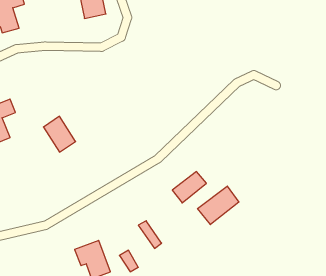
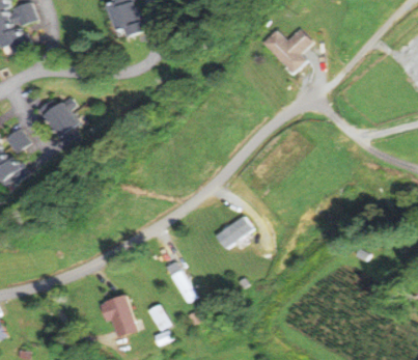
building: none -> [256,28,309,76]
building: [43,116,76,152] -> [40,96,78,138]
building: [198,186,239,225] -> none

